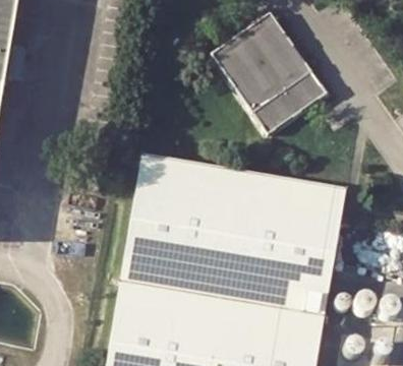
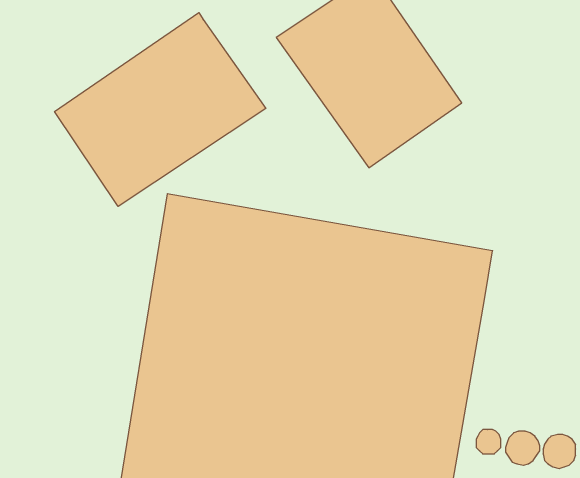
building: none -> [55,13,266,206]

